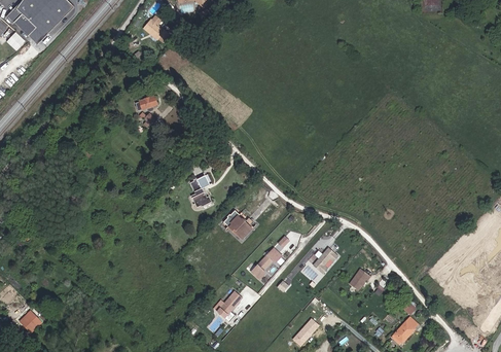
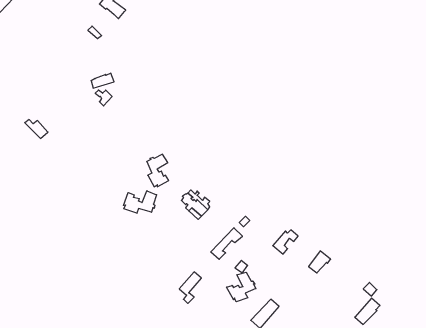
building: none -> [123,191,157,213]
building: none -> [227,272,256,302]

